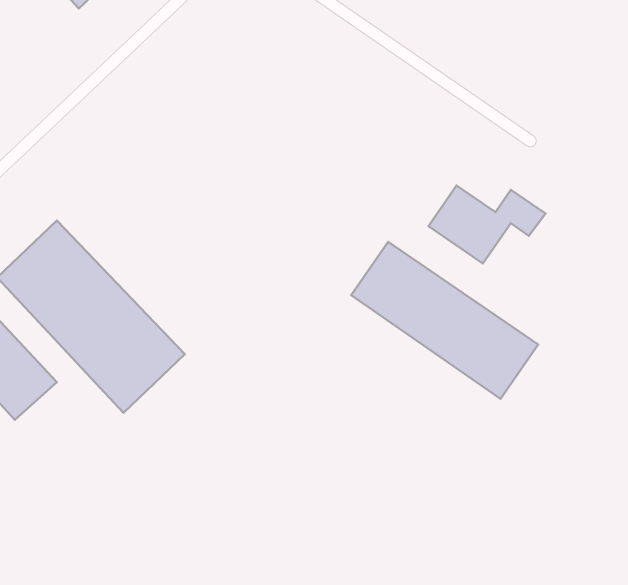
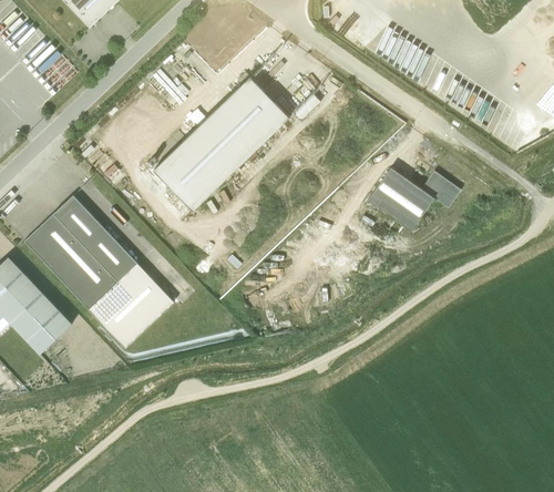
building: none -> [153,76,289,211]
building: [351,242,538,399] -> none

